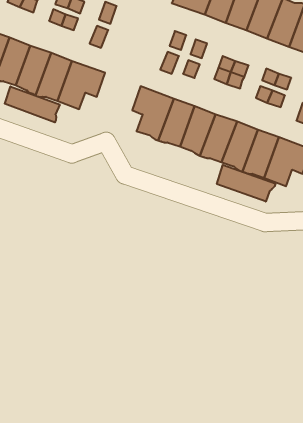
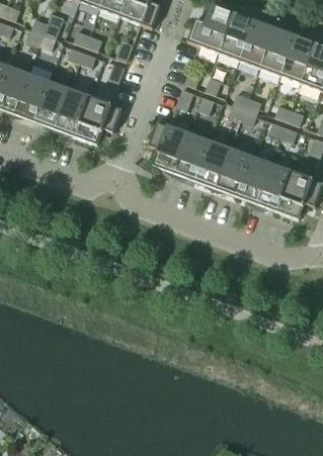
building: [5,86,60,122] -> none
building: [217,165,276,202] -> none

